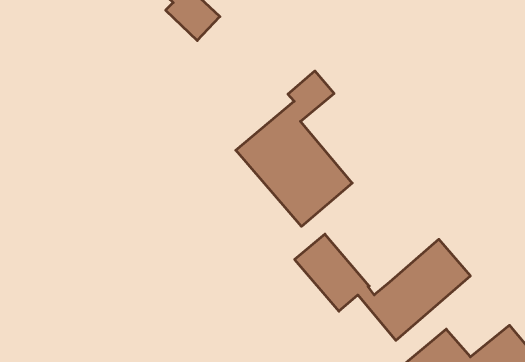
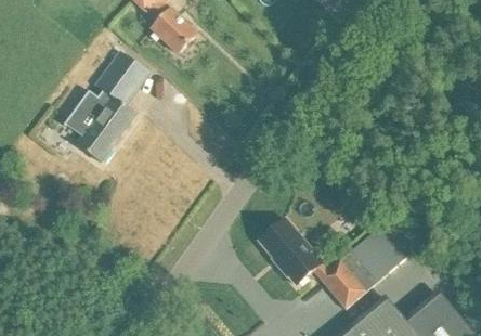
building: none -> [64,51,147,161]
building: [236,71,352,226] -> none

